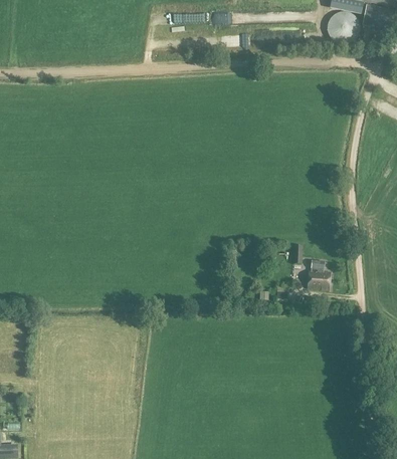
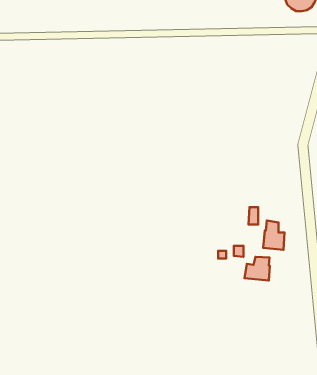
building: none -> [245,257,270,281]

